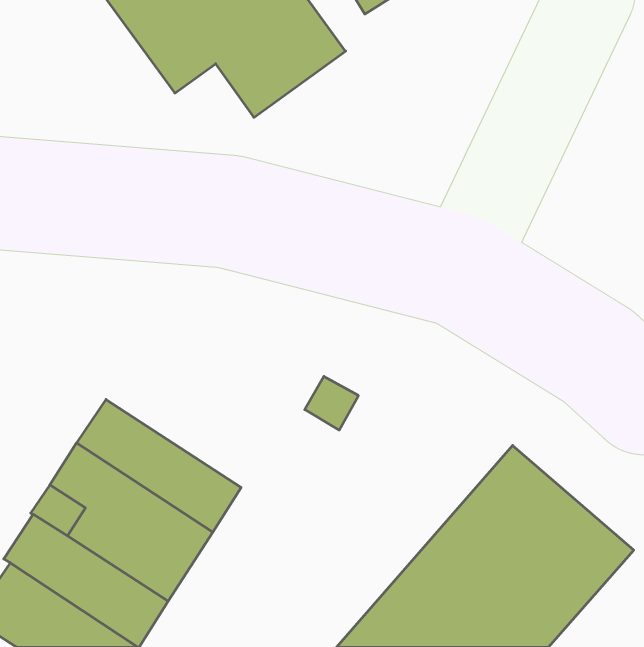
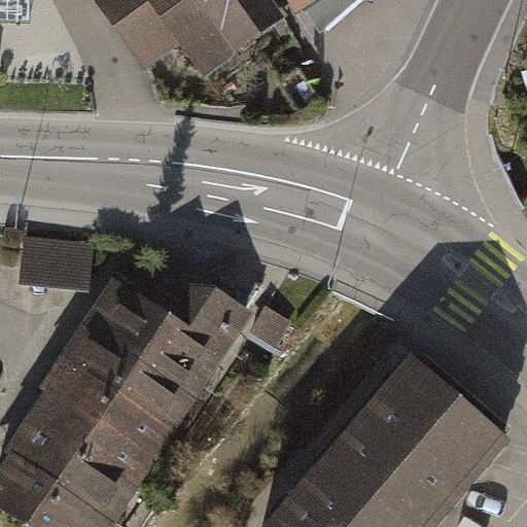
building: none -> [16,234,90,287]
building: none -> [85,282,248,393]

